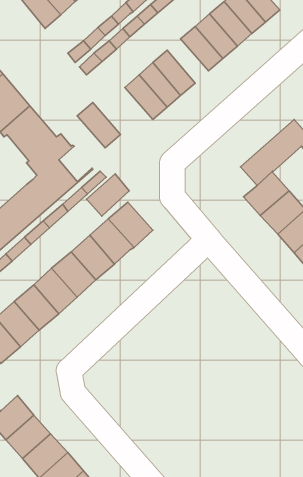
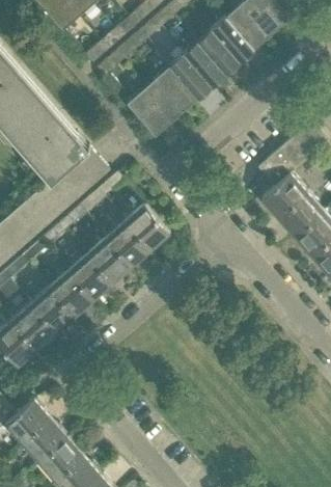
building: none -> [184,40,225,85]
building: [77,102,121,148] -> [126,89,169,135]
building: [87,174,129,216] -> none

